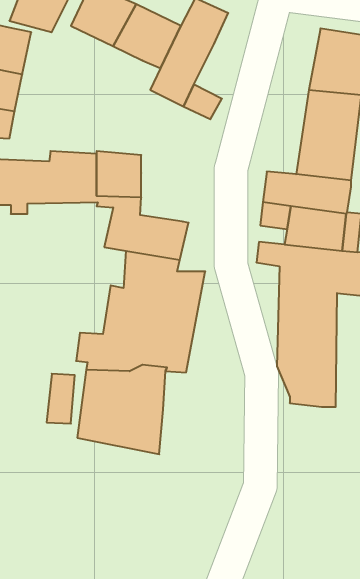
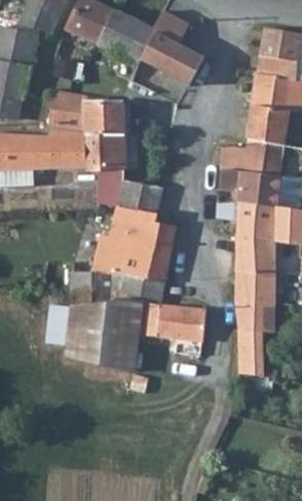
building: none -> [164,42,204,86]
building: none -> [49,89,122,131]
building: none -> [140,305,205,341]
building: none -> [241,331,276,377]

